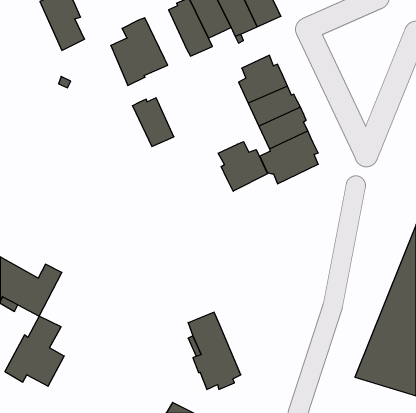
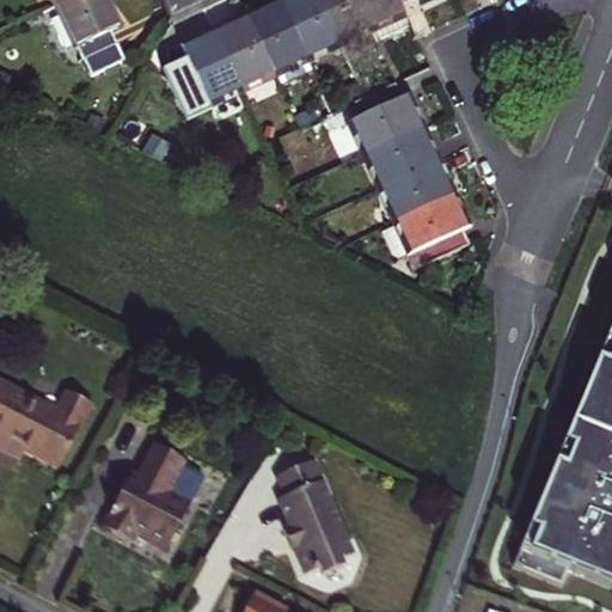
building: [132,98,174,146] -> [213,14,274,86]
building: [218,142,268,191] -> none
building: [5,316,64,386] -> [103,442,190,545]

